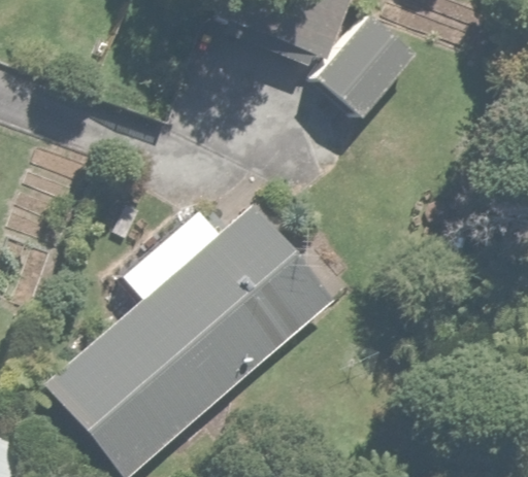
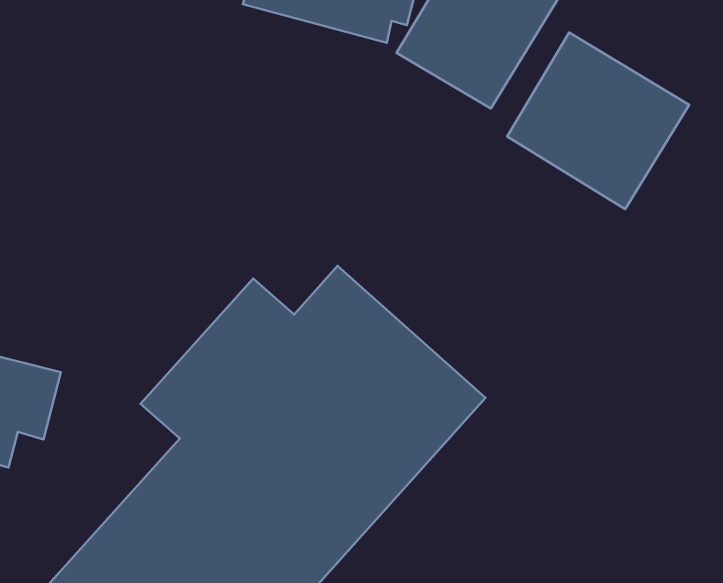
building: none -> [507,32,689,209]

